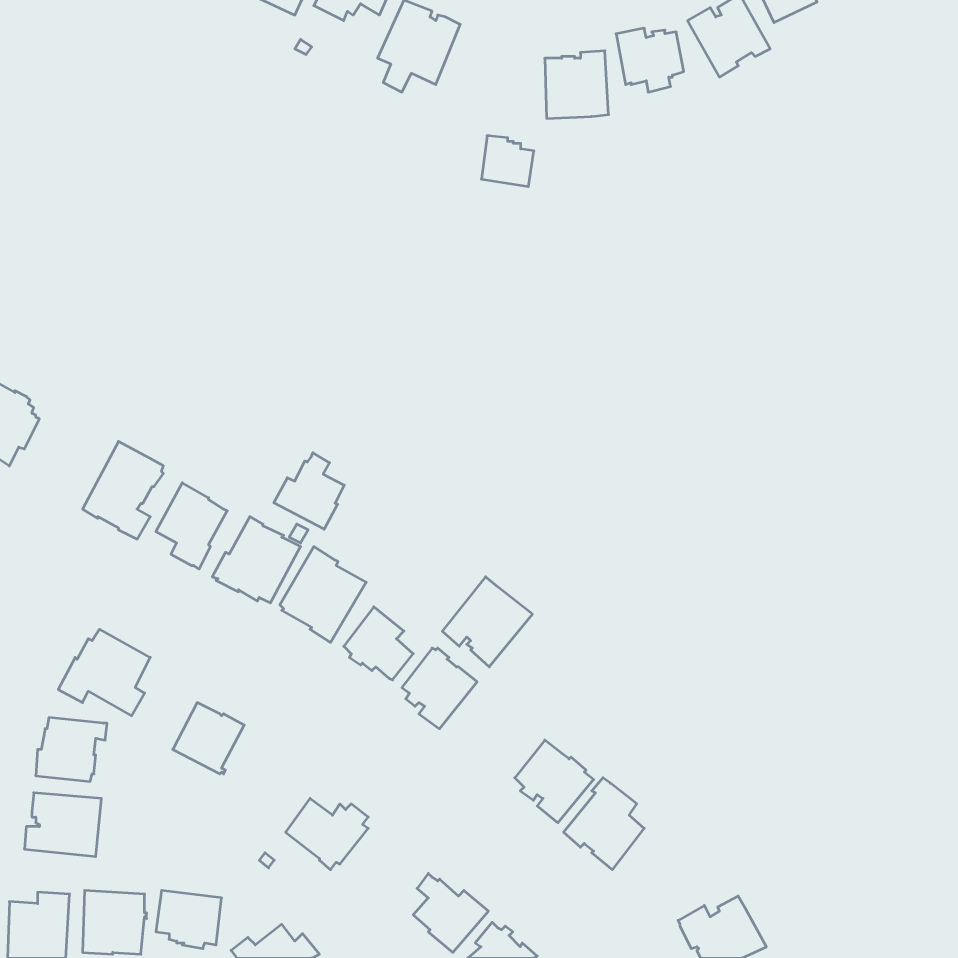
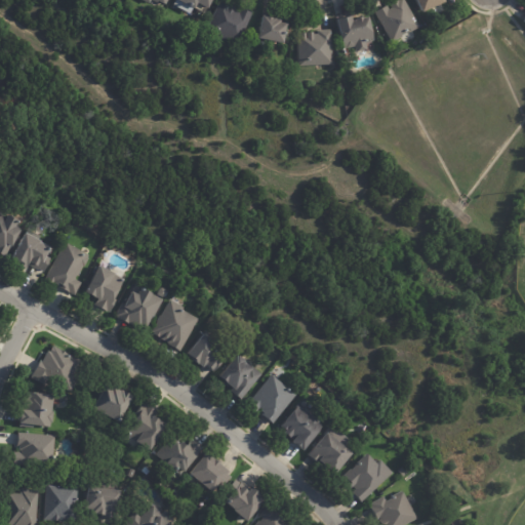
building: [481,136,534,187] -> [258,16,287,44]
building: none -> [11,232,50,271]
building: [274,453,344,529] -> none
building: [442,577,532,667] -> [248,373,297,422]
building: none -> [126,402,168,450]
building: none -> [190,451,230,491]
building: none -> [344,451,393,500]

